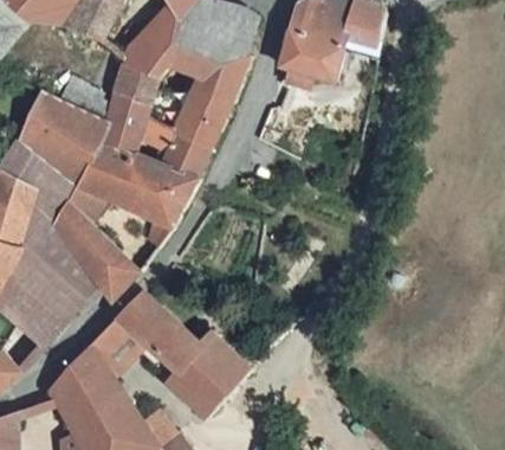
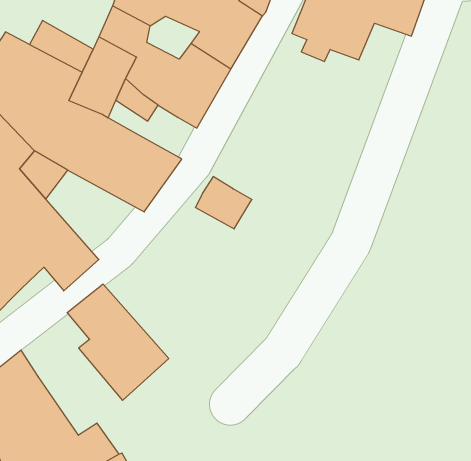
building: [163,135,209,176] -> [195,177,252,229]
building: [85,316,141,372] -> none
building: [169,339,251,424] -> none

